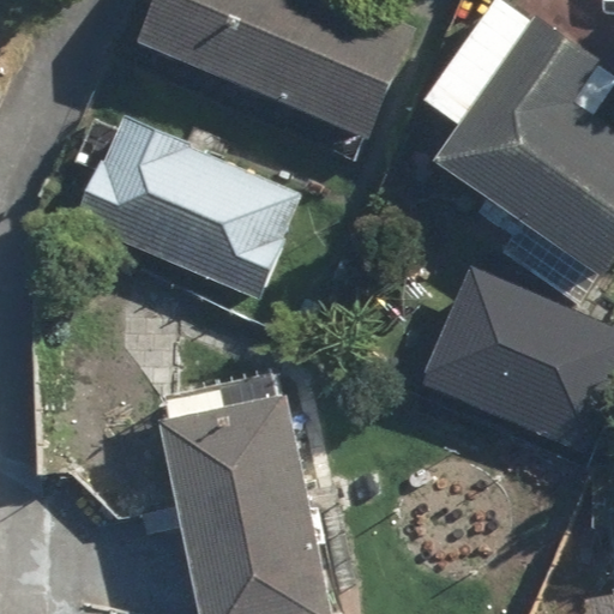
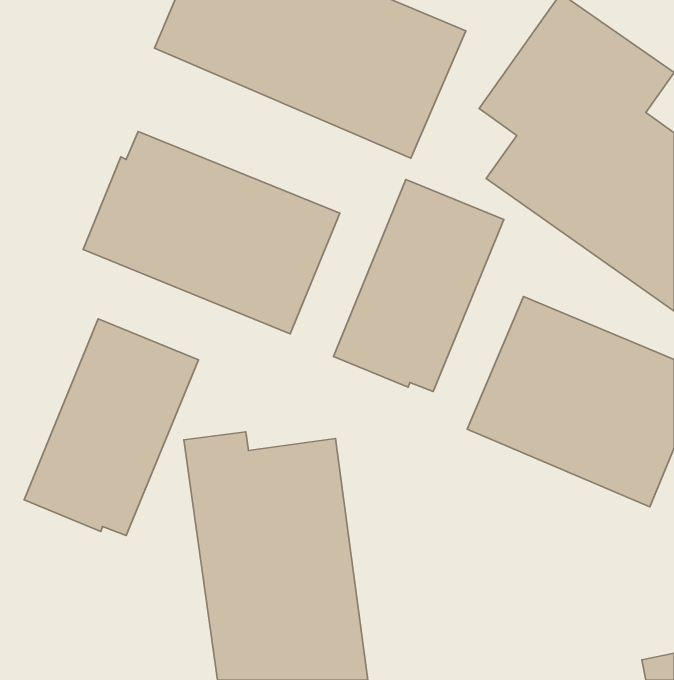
building: none -> [333,180,504,391]
building: none -> [24,319,199,536]

